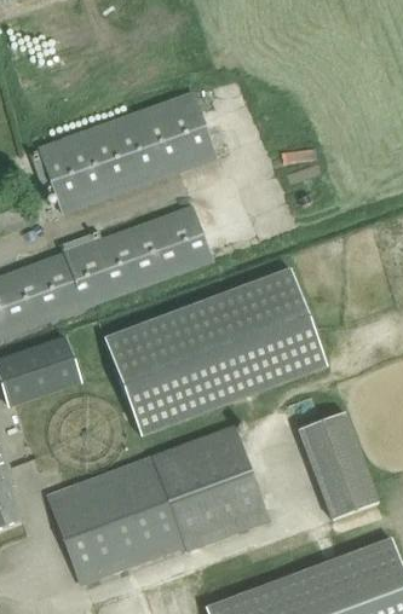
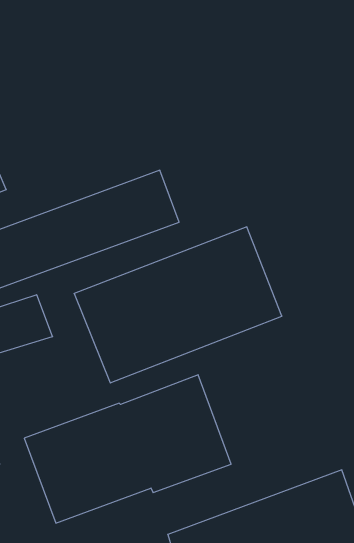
building: [38,92,215,213] -> none
building: [300,412,379,520] -> none

